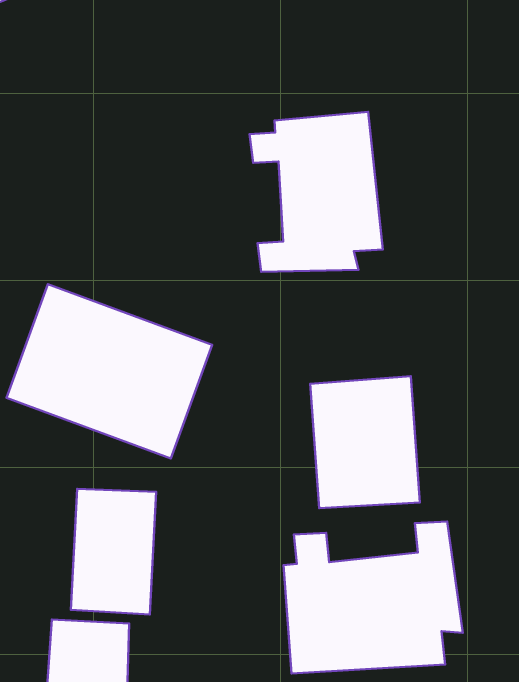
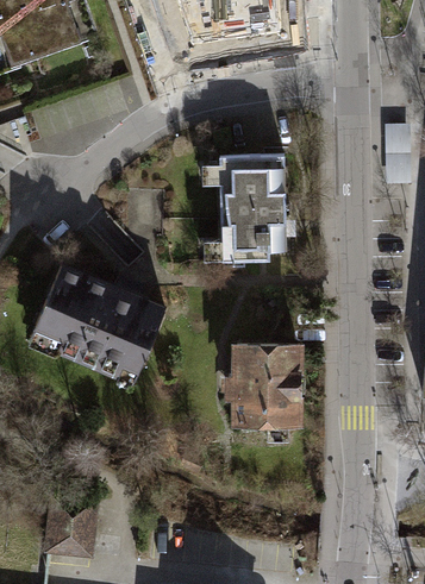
building: [71,489,156,614] -> none
building: [284,522,463,673] -> none

